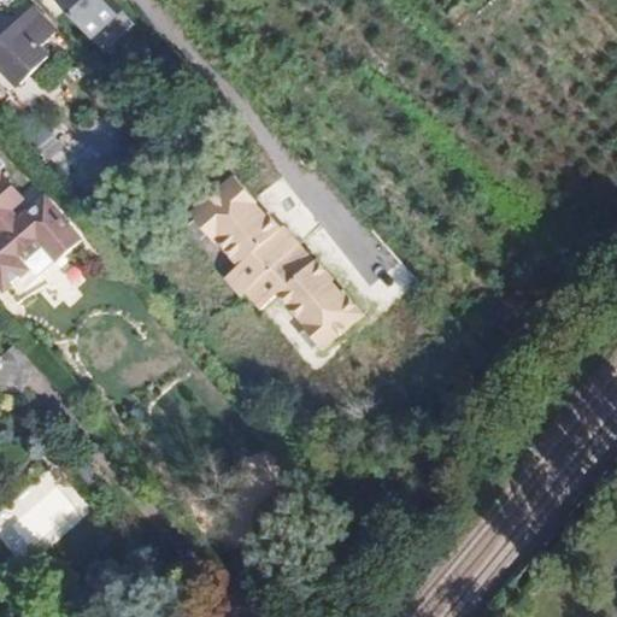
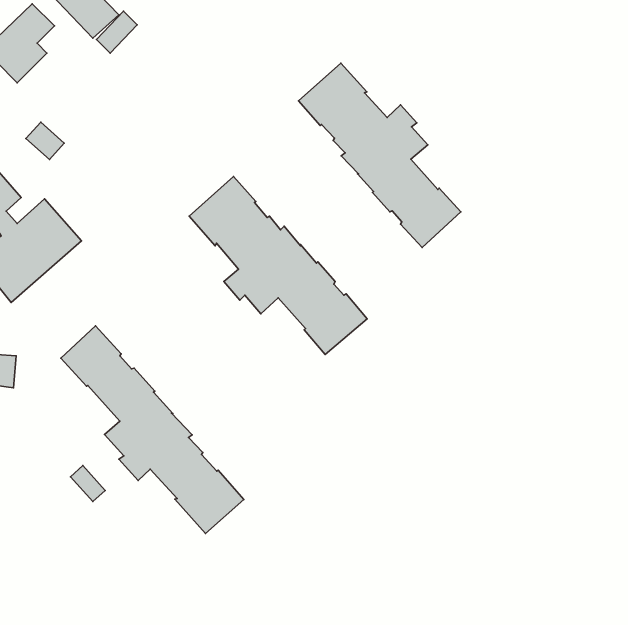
building: none -> [299,63,461,247]
building: none -> [61,326,244,534]

